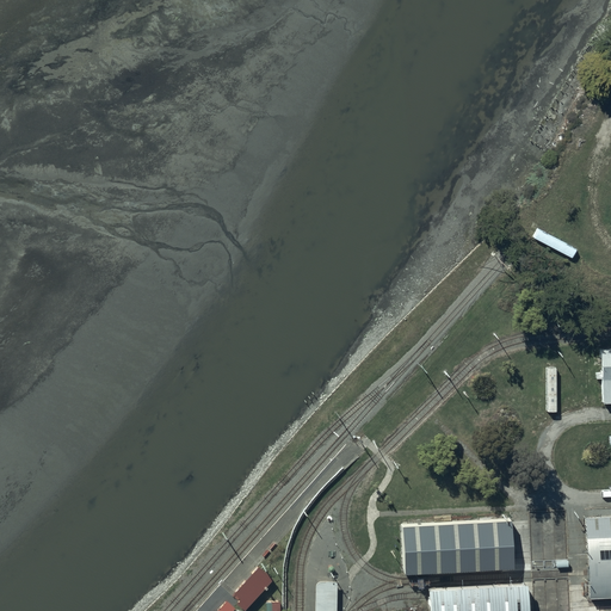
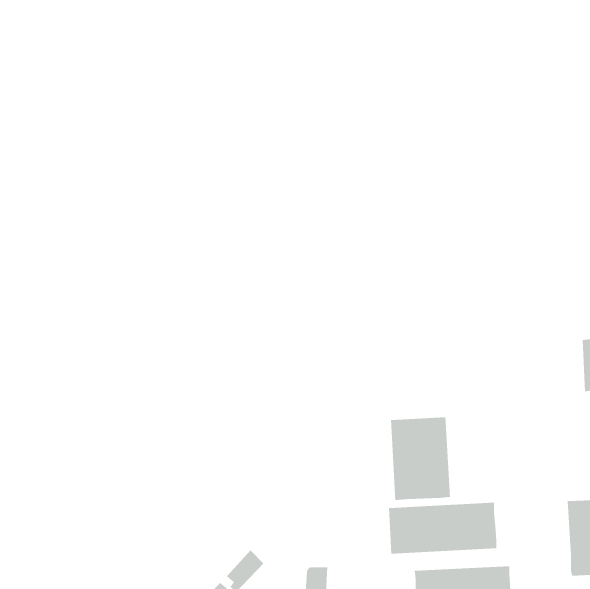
building: none -> [391,416,450,501]

